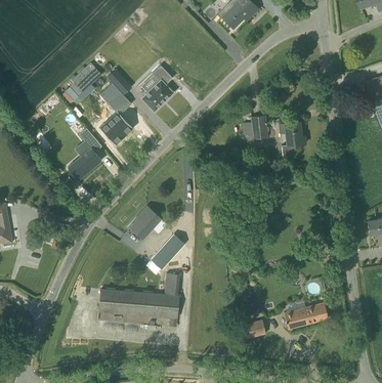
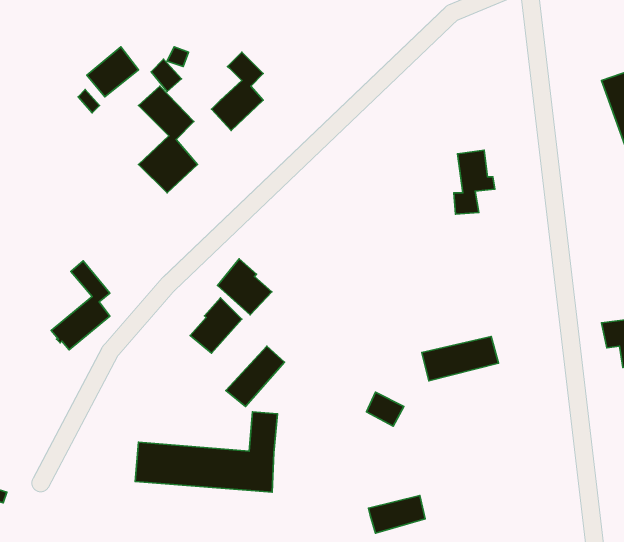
building: [243,116,267,139] -> none
building: [69,130,102,181] -> [51,261,110,350]
building: none -> [217,259,272,315]
building: [284,303,328,329] -> [422,336,498,381]

